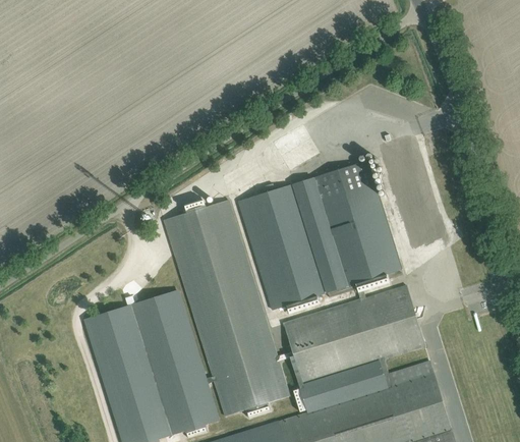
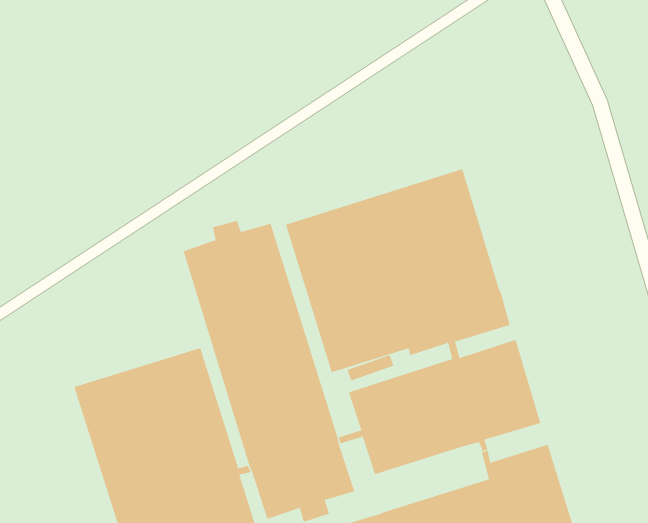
building: [292,361,386,412] -> none

